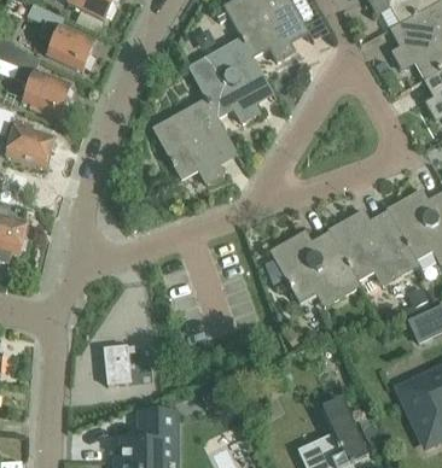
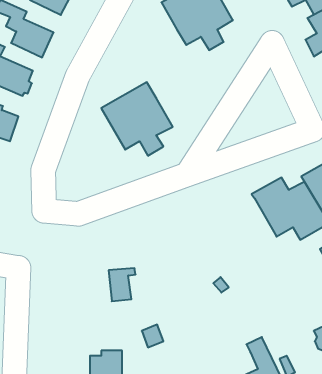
building: [187,37,269,123] -> none
building: [269,230,360,305] -> none
building: [104,346,135,385] -> [109,268,136,301]

